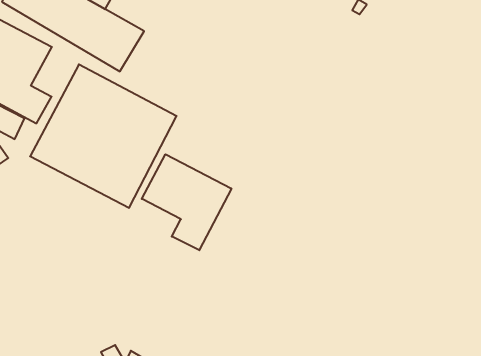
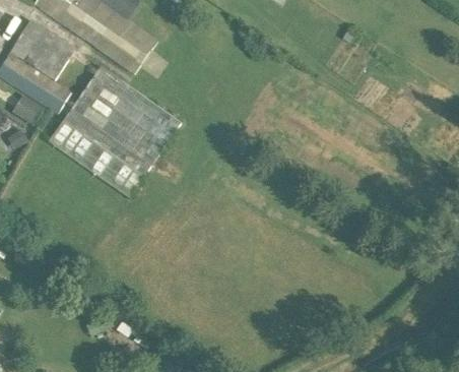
building: [142,154,231,250] -> none

